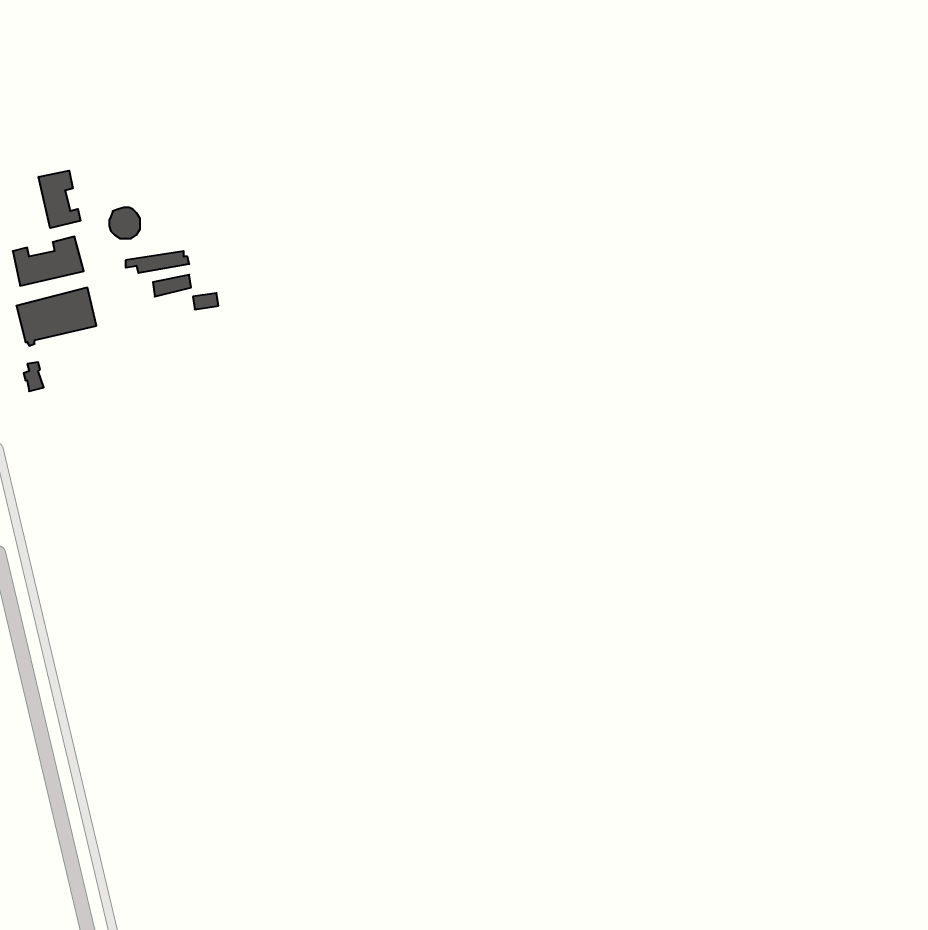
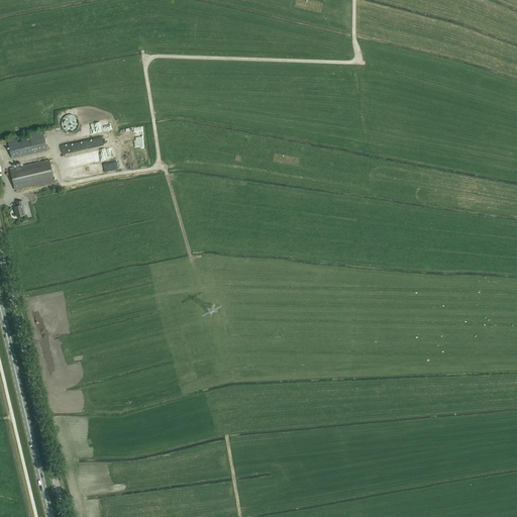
building: [39,171,80,228] -> none

